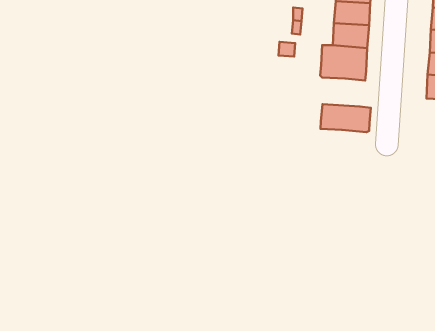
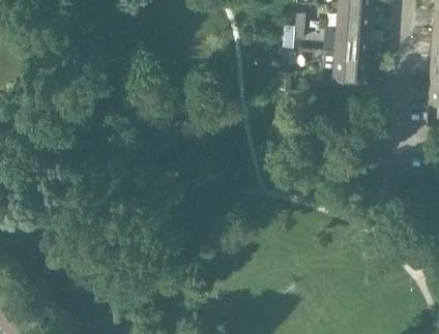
building: [321,104,371,132] -> none

